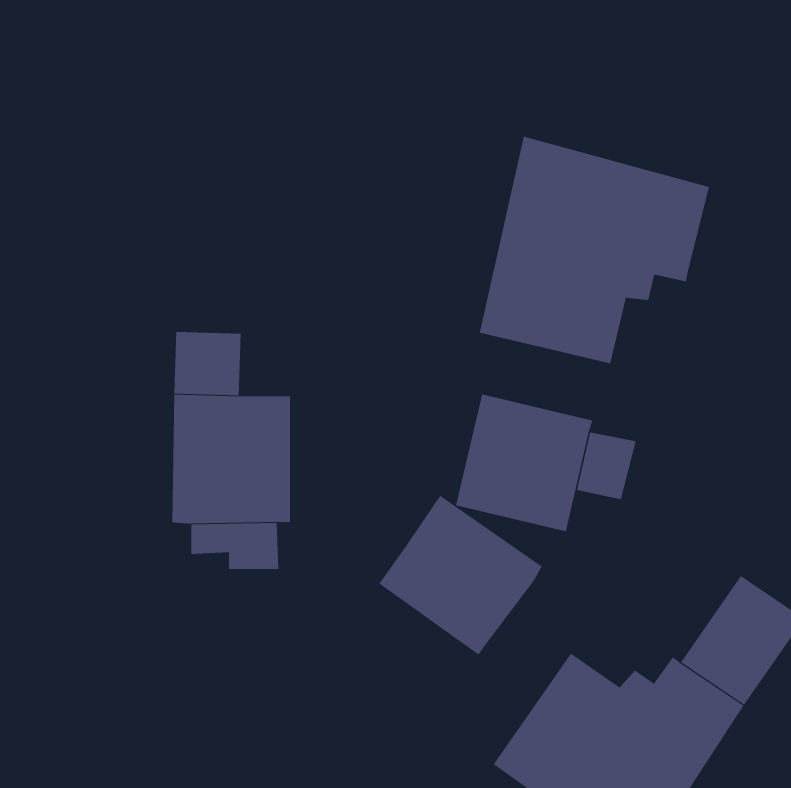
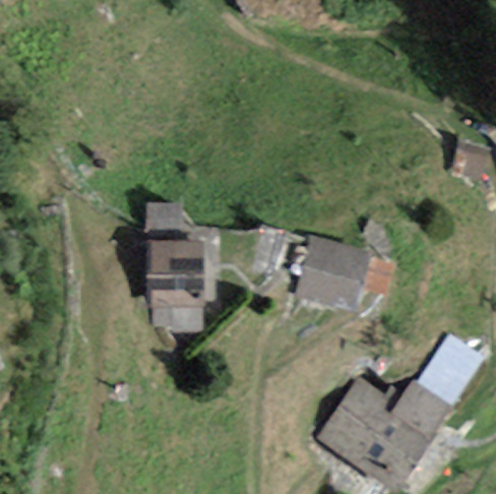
building: [479,136,710,364] -> none
building: [378,495,543,655] -> none

